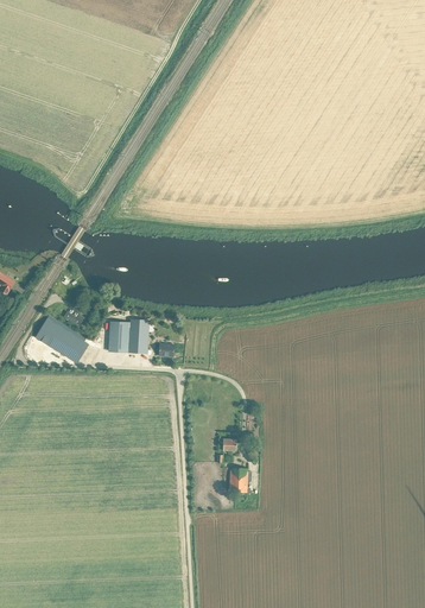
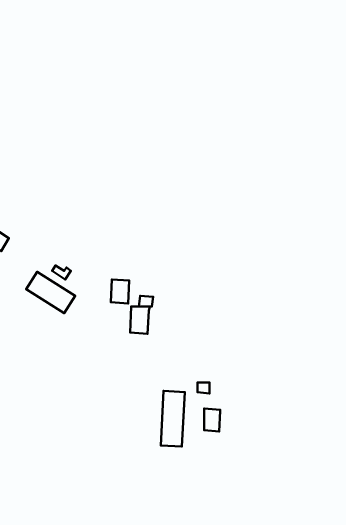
building: [109,321,131,350] -> [130,307,150,334]
building: none -> [161,391,185,447]

